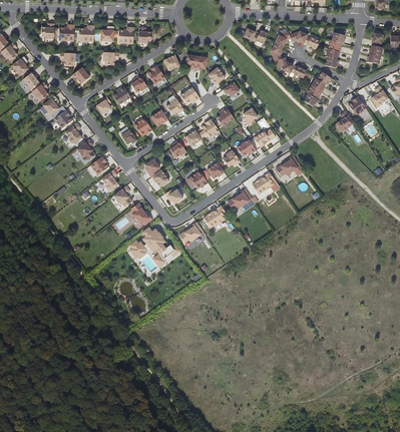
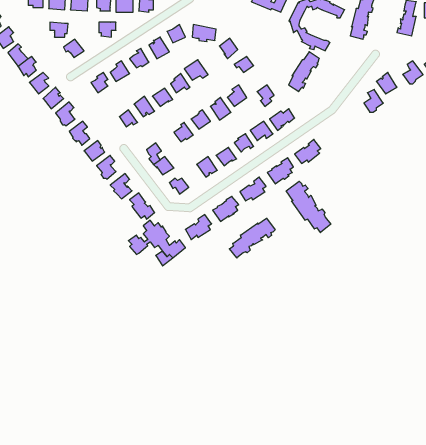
building: [304,71,331,106] -> [289,52,319,92]
building: none -> [286,181,331,233]
building: none -> [229,218,275,258]

